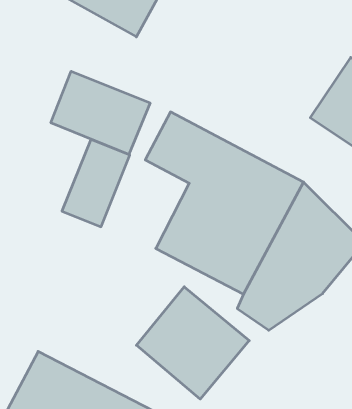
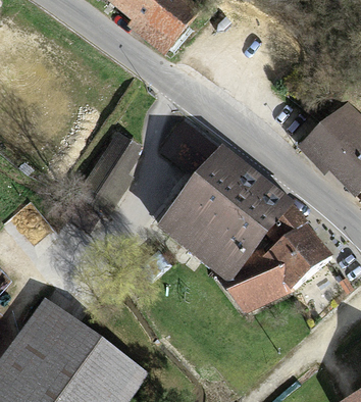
building: [51,71,150,155] -> none
building: [136,287,249,399] -> none

